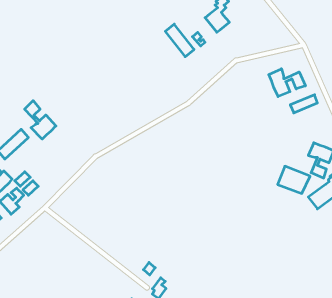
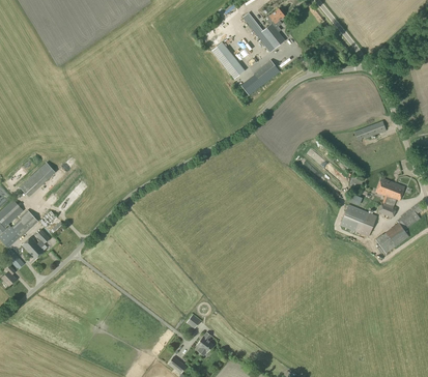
building: none -> [241,59,280,94]
building: [269,69,305,97] -> none
building: [25,101,56,139] -> none

